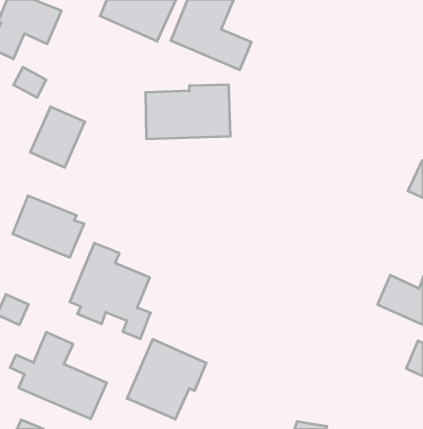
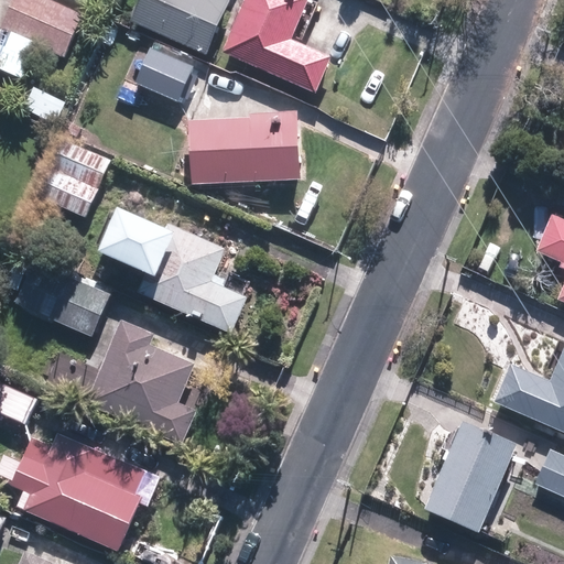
building: none -> [132,45,192,102]
building: none -> [106,206,248,334]
building: none -> [423,419,516,530]
building: [127,339,206,419] -> none

